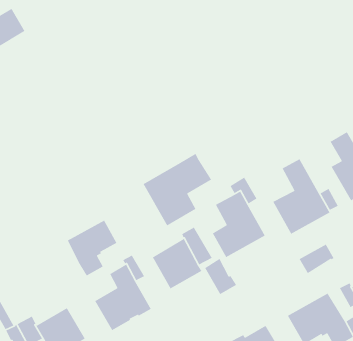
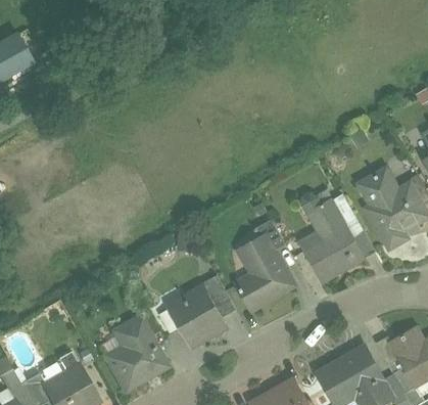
building: [142,153,212,226] -> none
building: [67,220,118,276] -> none
building: [299,243,335,274] -> none
building: [204,258,237,295] -> none

